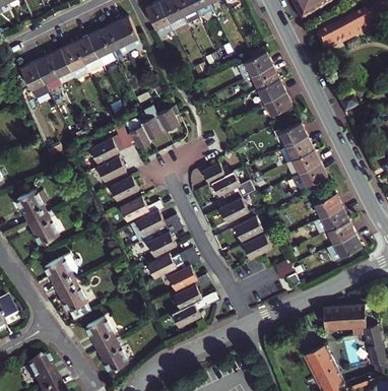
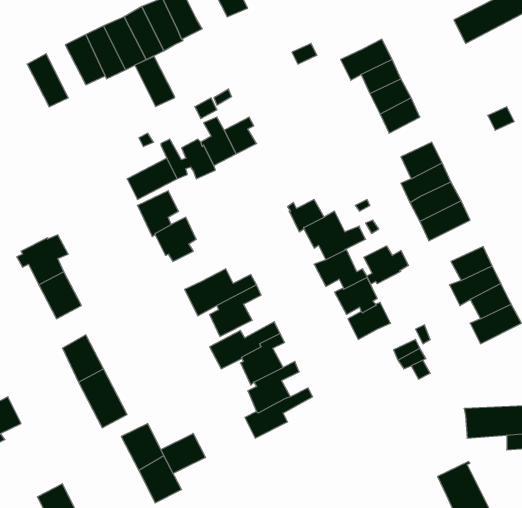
building: [35,55,62,89] -> [135,56,175,107]
building: none -> [364,246,408,284]
building: [120,195,164,220] -> none
building: none -> [161,433,205,474]

